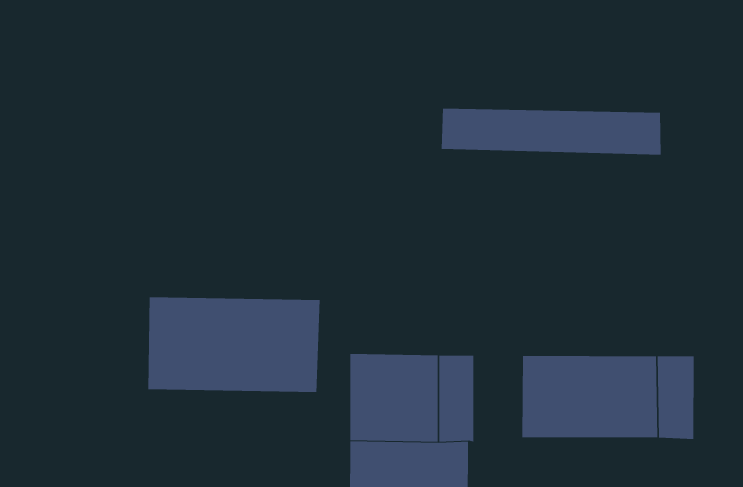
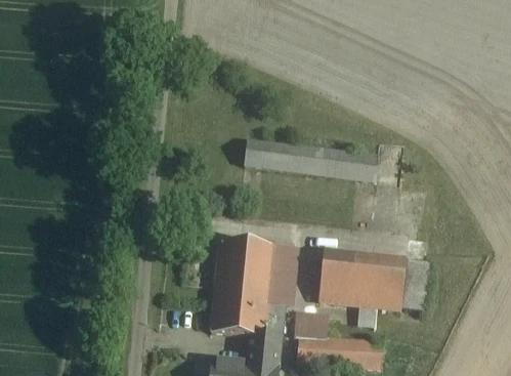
building: [441,108,662,155] -> [244,139,378,180]
building: [148,297,320,393] -> none

